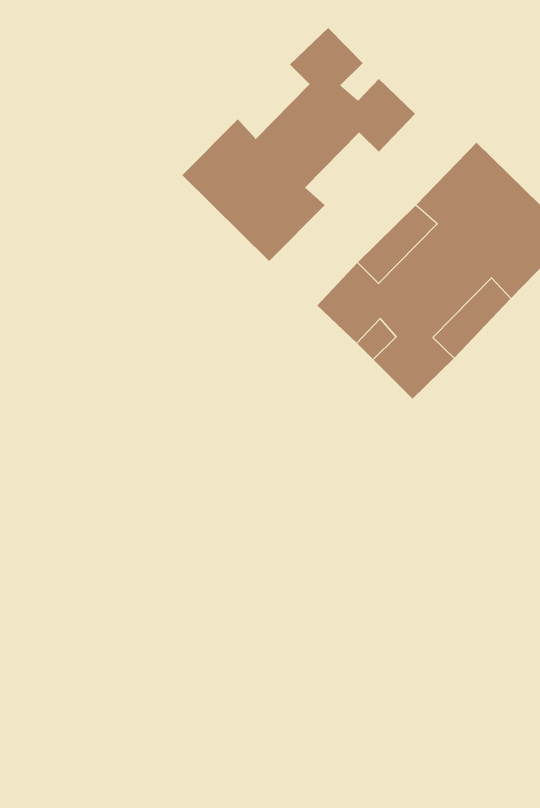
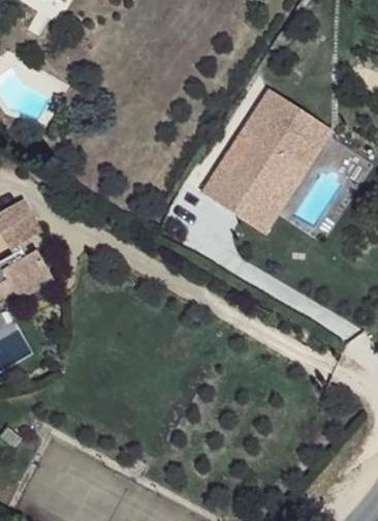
building: [181,27,416,262] -> none

